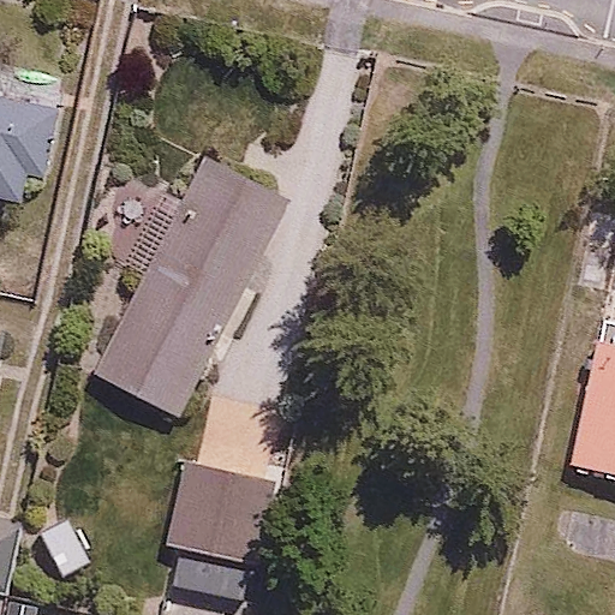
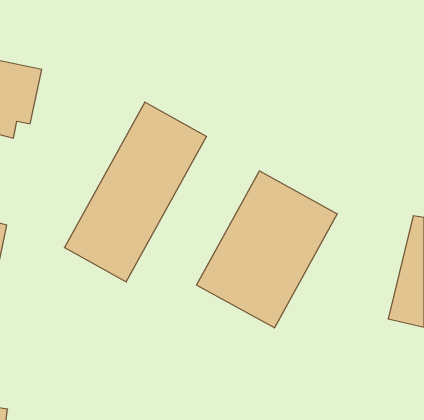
building: none -> [197,171,337,328]
building: [163,455,279,578] -> none

